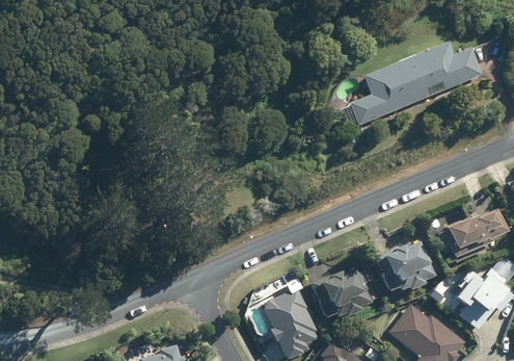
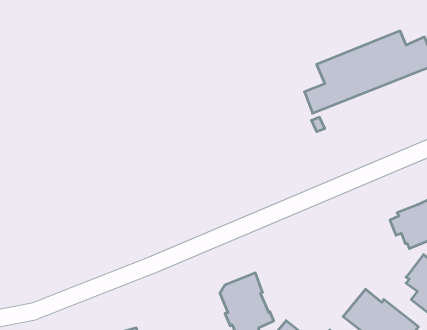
building: [376,241,435,290] -> none
building: [312,268,372,318] -> none

